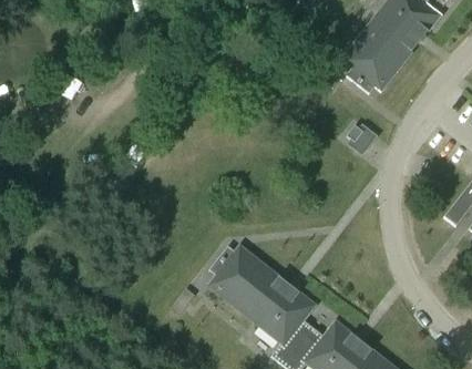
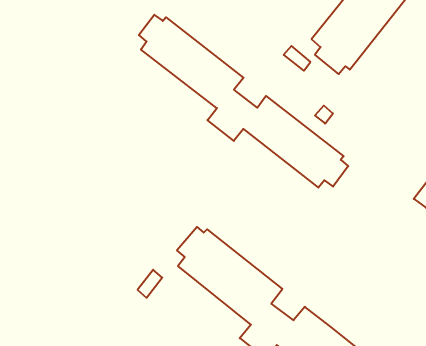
building: none -> [139,15,348,188]

